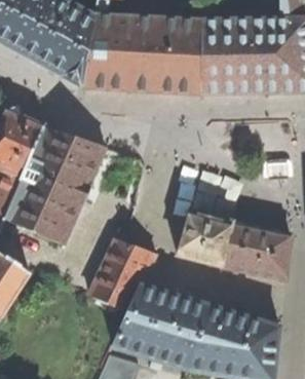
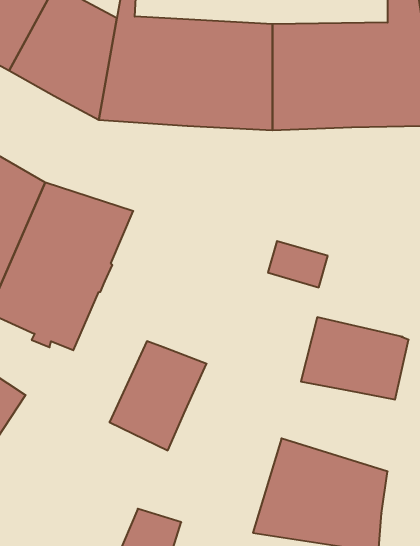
building: [177,210,231,265] -> none
building: [113,285,206,369] -> none

